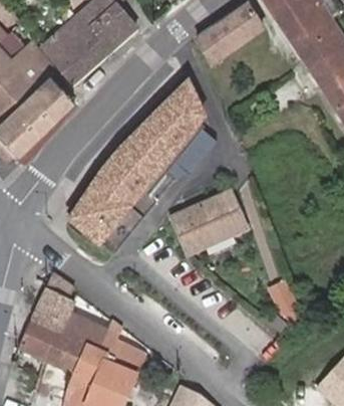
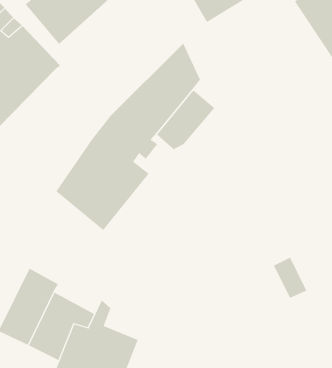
building: [170,190,246,252] -> none

